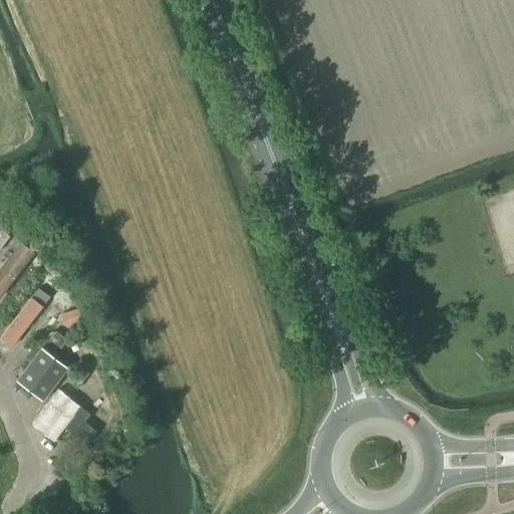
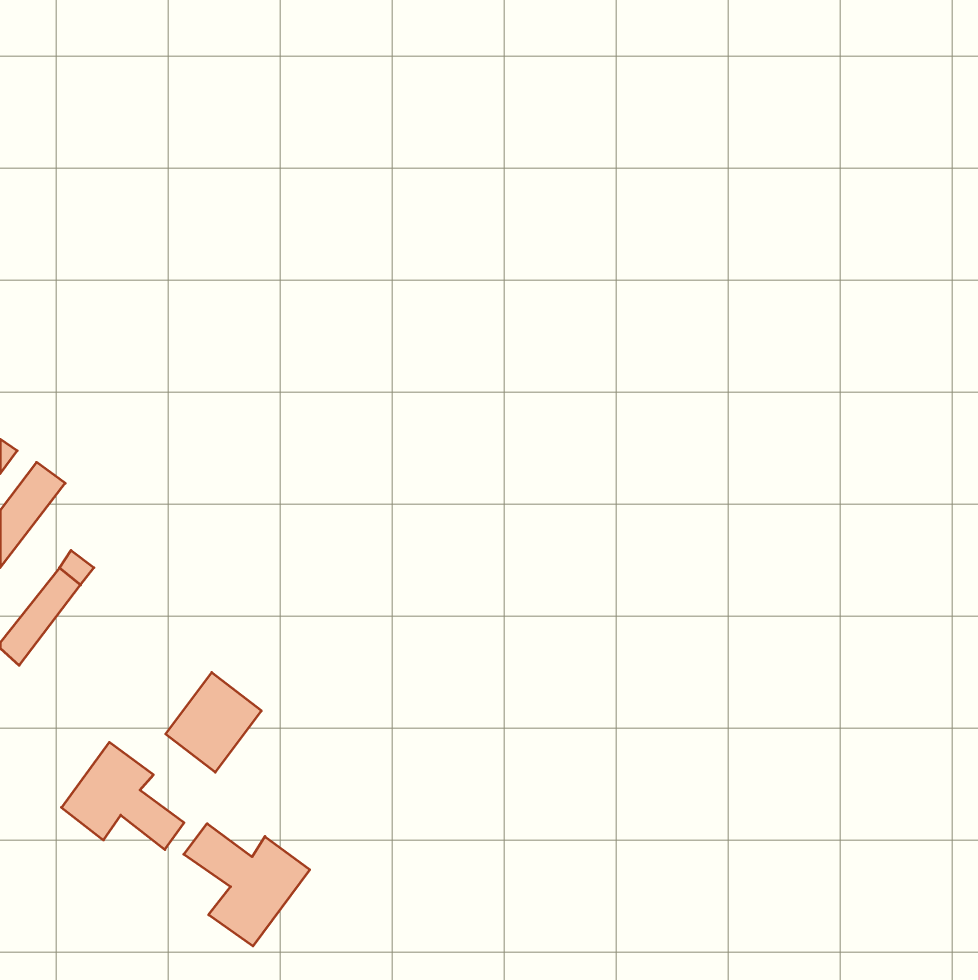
building: [17,348,67,401] -> [166,672,261,772]
building: none -> [184,824,310,946]

